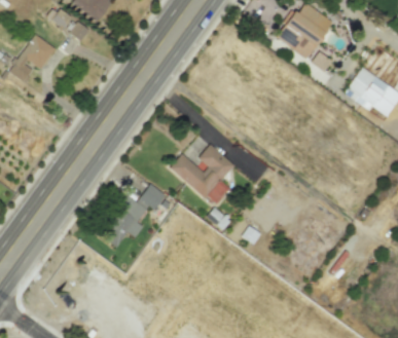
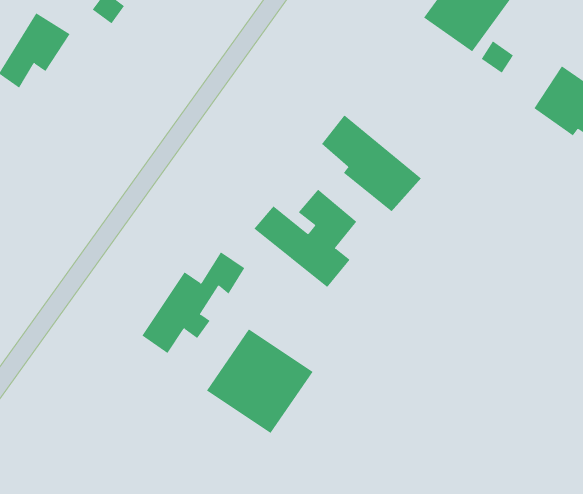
building: none -> [321,115,422,212]
building: none -> [206,329,313,434]

